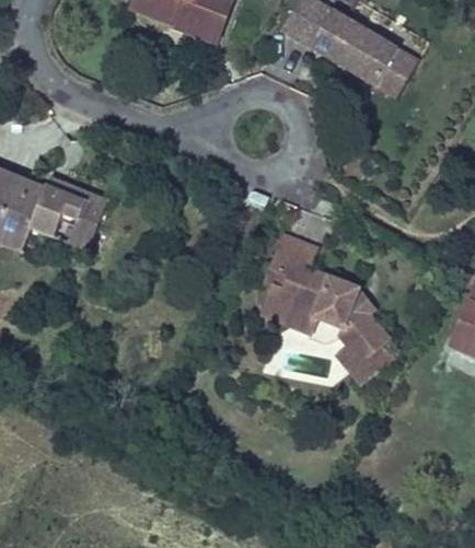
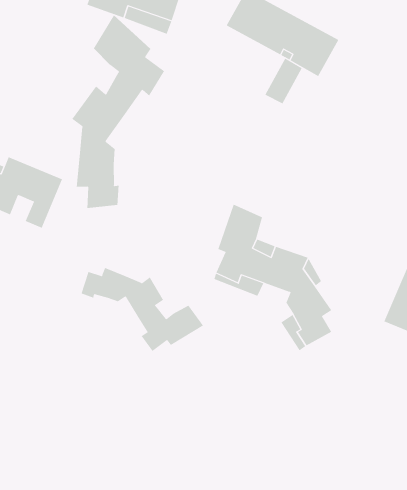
building: none -> [71,15,165,209]
building: [376,48,417,97] -> [264,58,302,104]
building: none -> [81,267,204,352]

